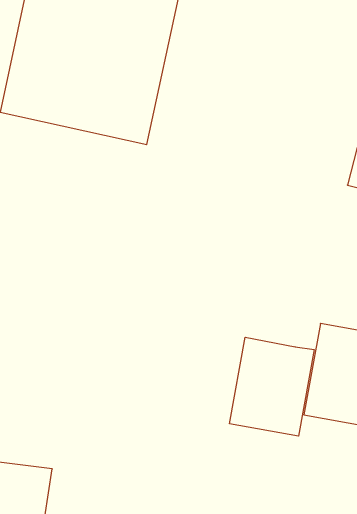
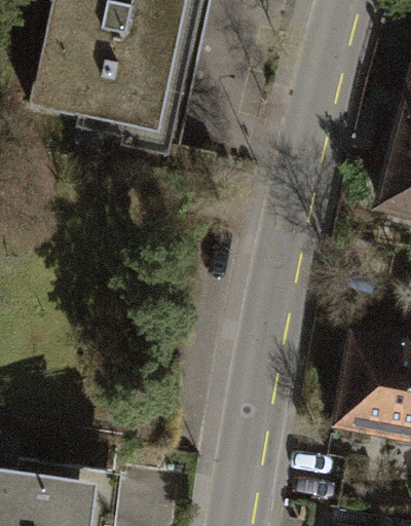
building: [230,337,314,436] -> none

